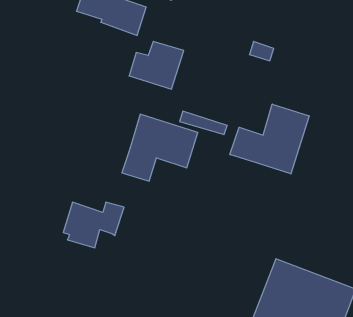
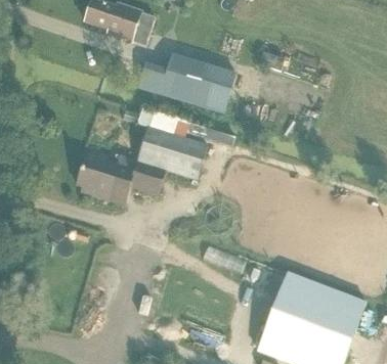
building: none -> [180,60,235,113]
building: [230,104,309,174] -> none
building: [63,202,124,248] -> [77,154,138,200]

